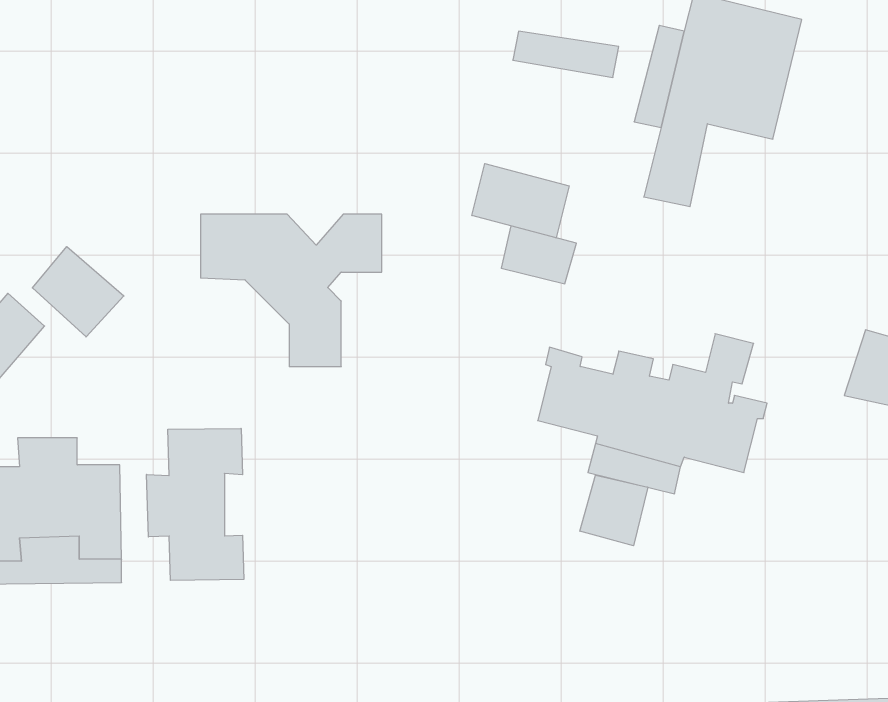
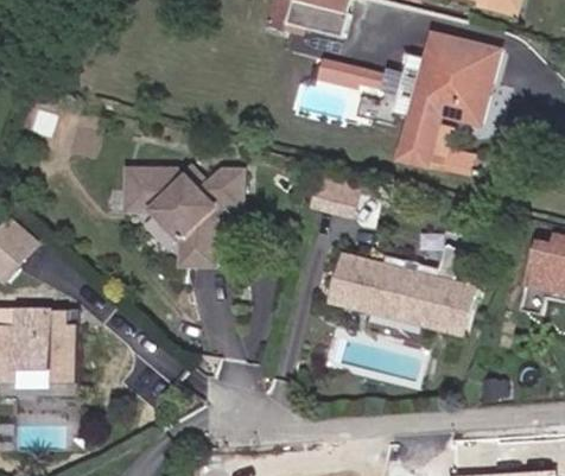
building: [472,164,569,238] -> none
building: [32,247,124,337] -> none
building: [147,428,244,580] -> none
building: [580,475,648,546] -> none

